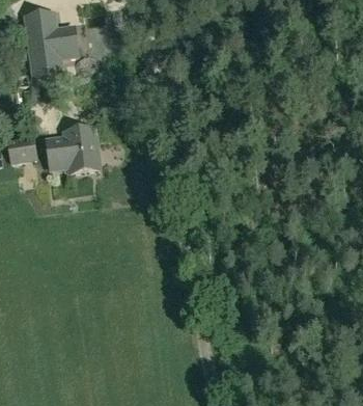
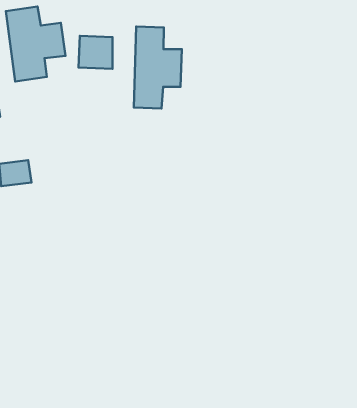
building: none -> [134,26,182,109]
building: [45,125,99,169] -> none

